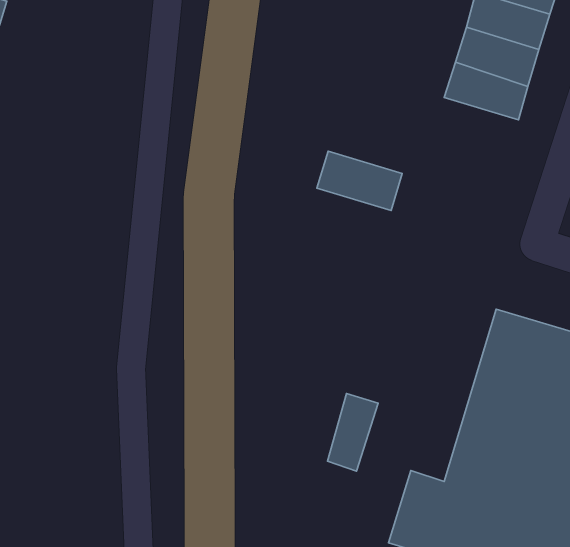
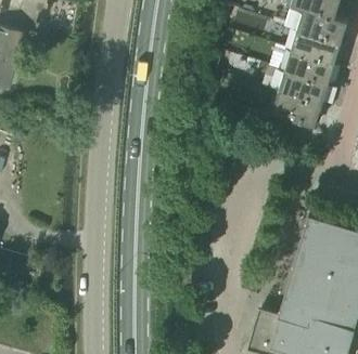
building: [317,151,402,211] -> [272,90,322,124]
building: [327,394,378,471] -> none

